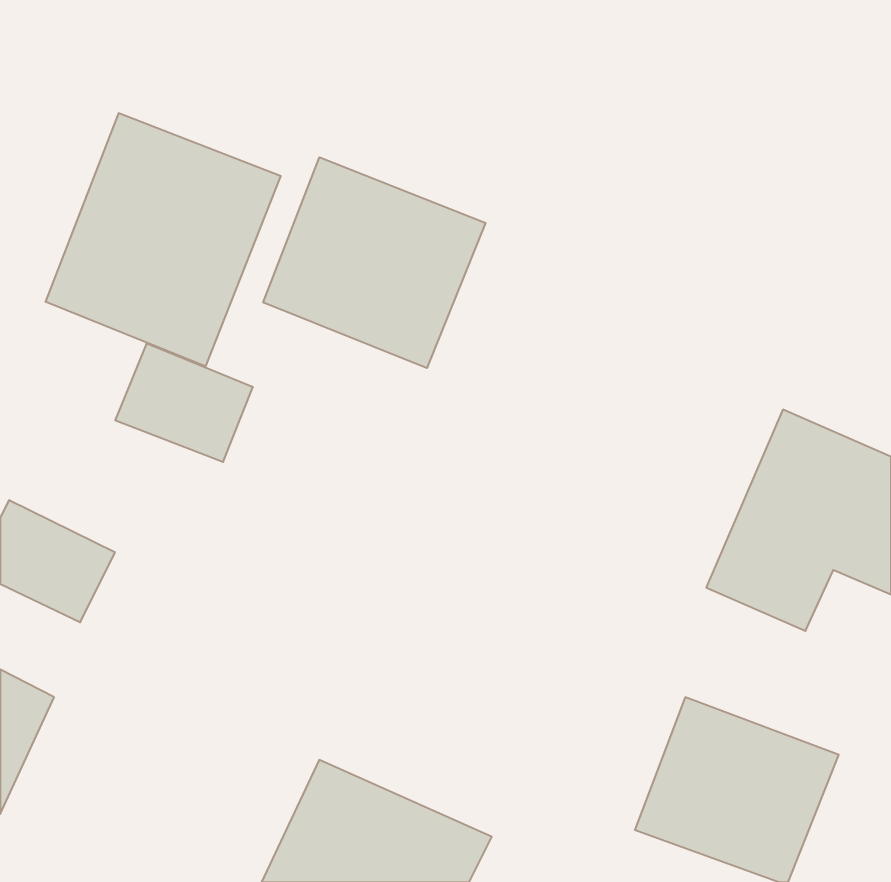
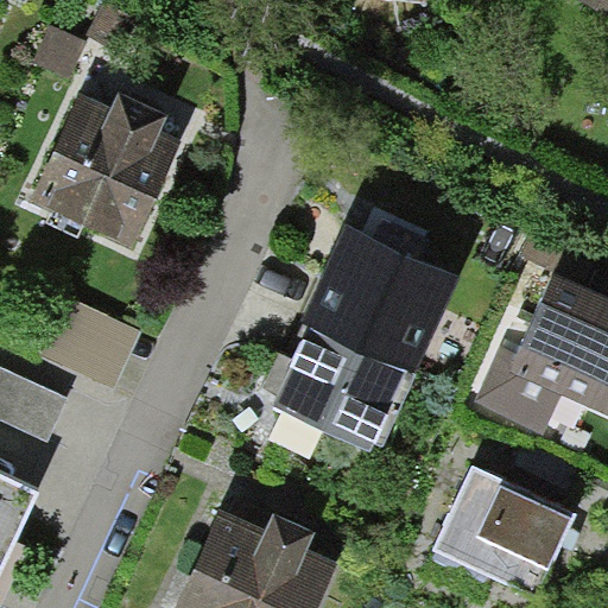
building: [263,157,485,368] -> none
building: [115,343,253,462] -> [45,297,139,378]
building: none -> [266,235,455,463]

